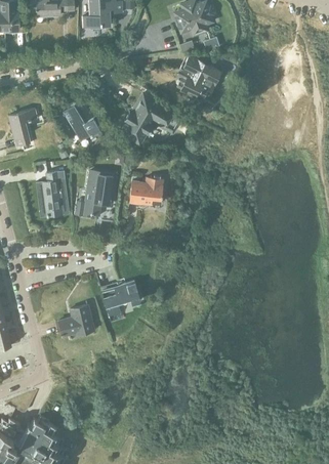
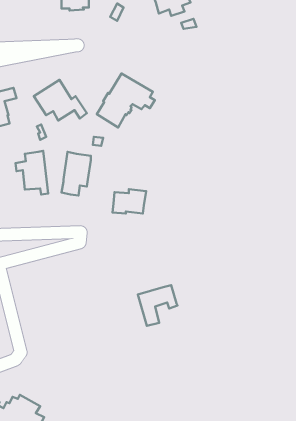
building: [177,53,222,101] -> none
building: [130,176,164,201] -> [112,189,146,214]
building: [101,281,141,322] -> [138,285,177,326]
building: [59,303,94,335] -> none

